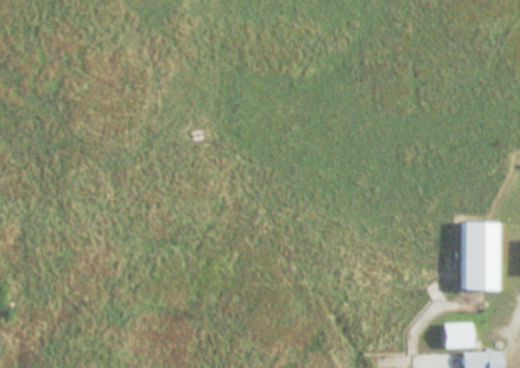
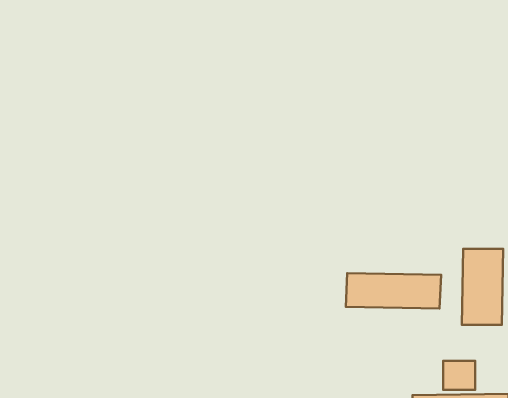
building: none -> [346,273,441,309]

